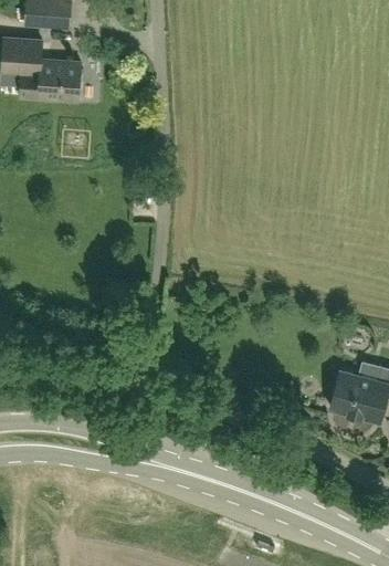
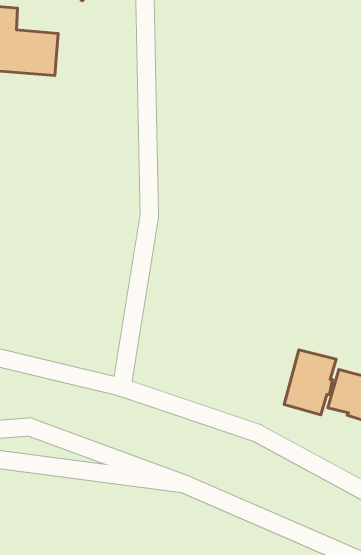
building: none -> [284,350,336,415]

